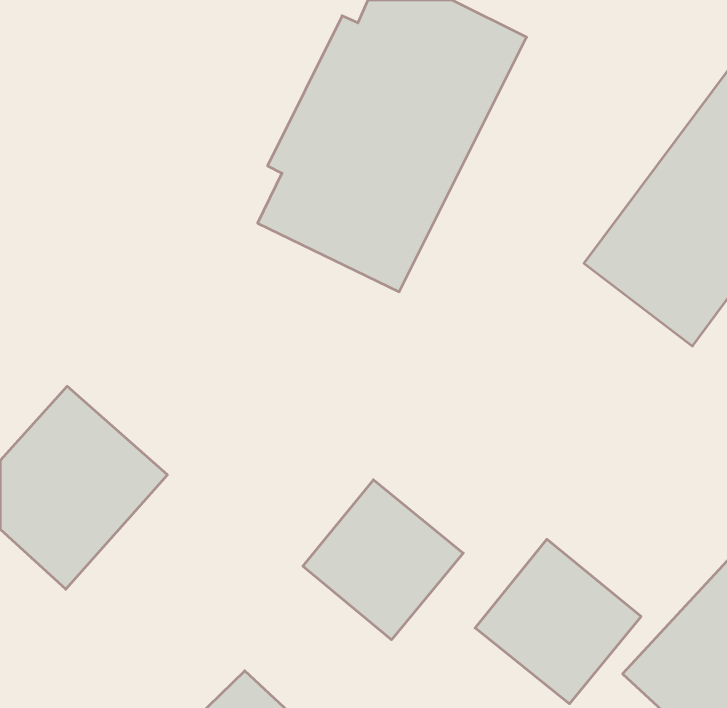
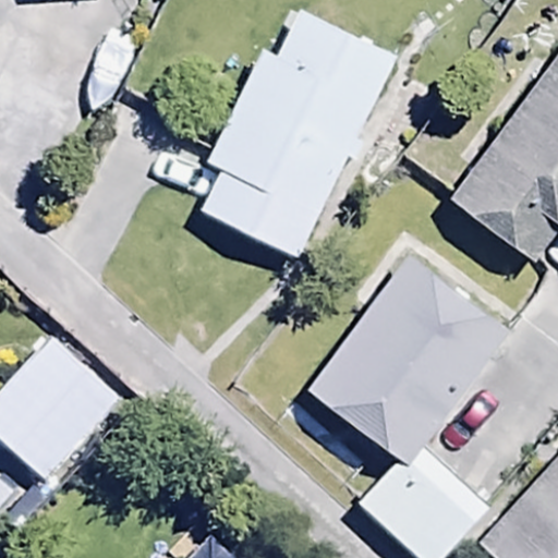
building: none -> [303,220,509,439]
building: [303,480,463,640] -> none

